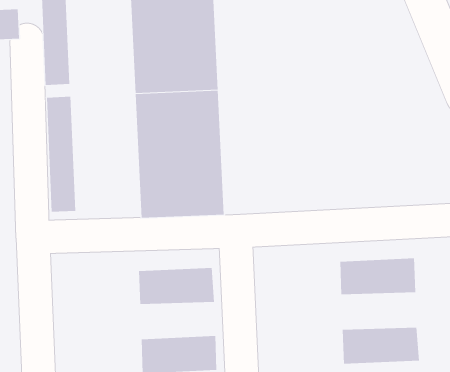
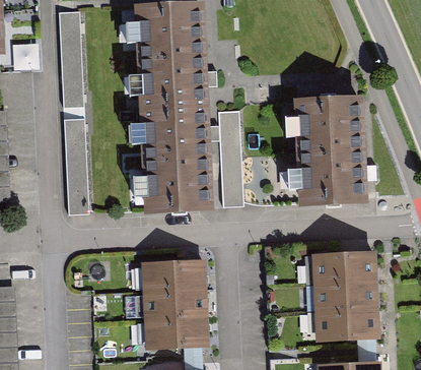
building: none -> [292,98,367,209]
building: none -> [217,107,243,205]
building: none -> [312,281,377,312]
building: none -> [142,289,207,320]

